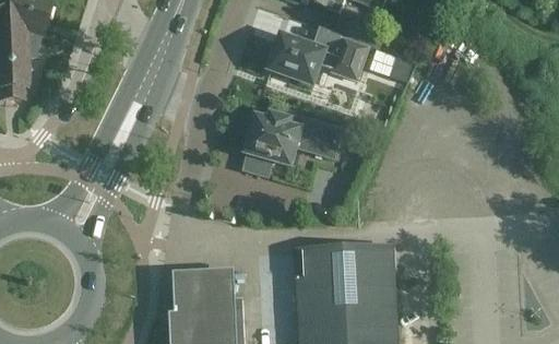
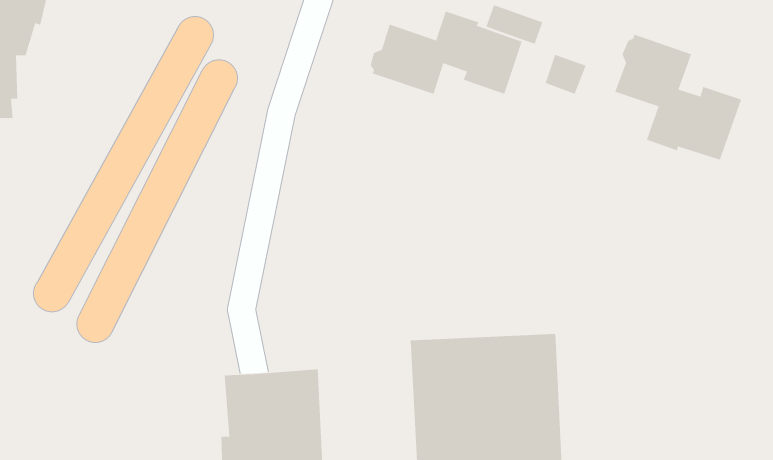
building: none -> [615,34,742,161]
building: [243,116,344,177] -> none

